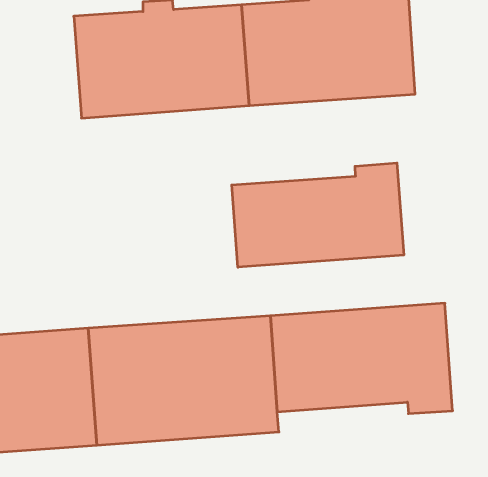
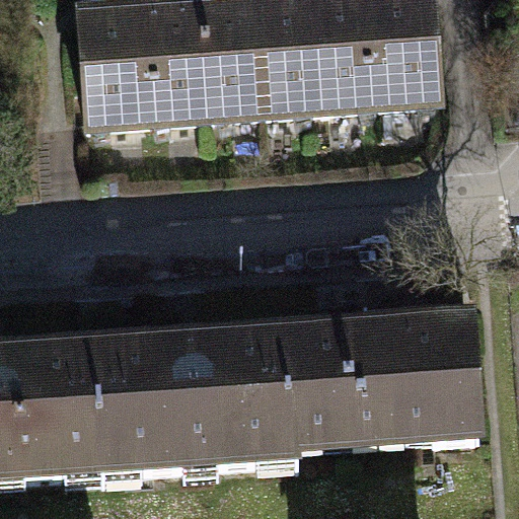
building: [232,163,404,267] -> none

